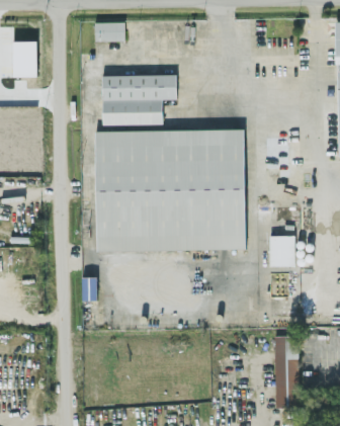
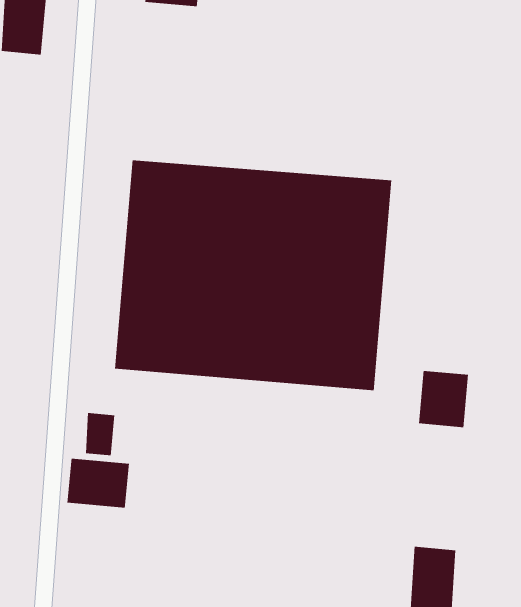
building: [100,76,175,125] -> none
building: none -> [67,458,129,508]

